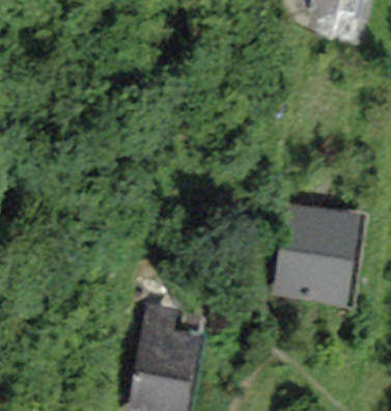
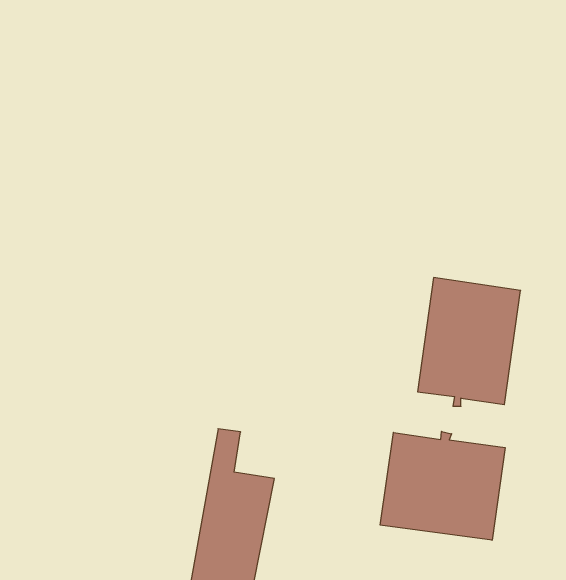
building: none -> [380,431,505,540]

